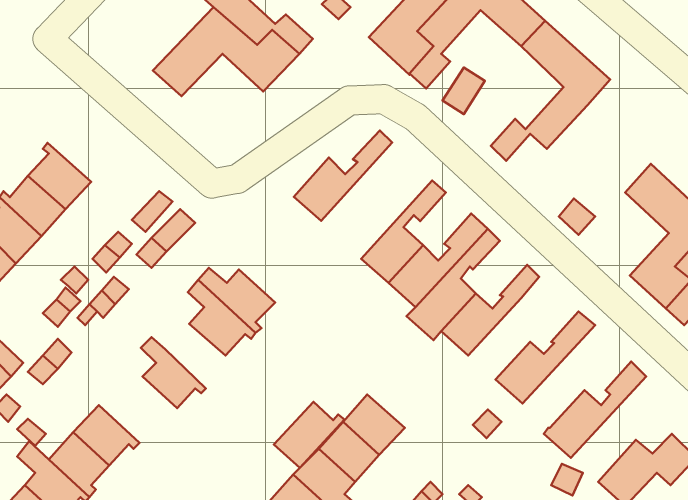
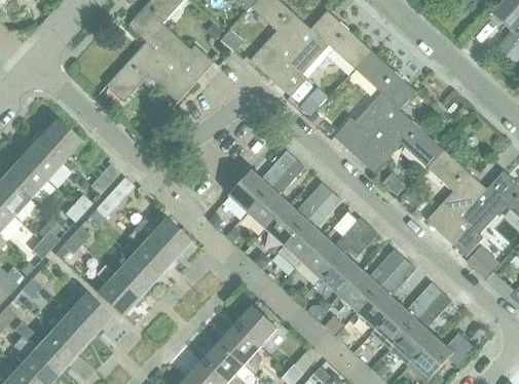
building: none -> [345,109,444,171]
building: none -> [33,120,78,161]
building: [294,130,392,221] -> [228,152,295,214]
building: none -> [320,226,378,296]
building: none -> [113,258,154,302]
building: none -> [357,259,416,329]
building: none -> [390,294,450,366]
building: none -> [68,295,109,339]
building: [274,402,344,468] -> none

